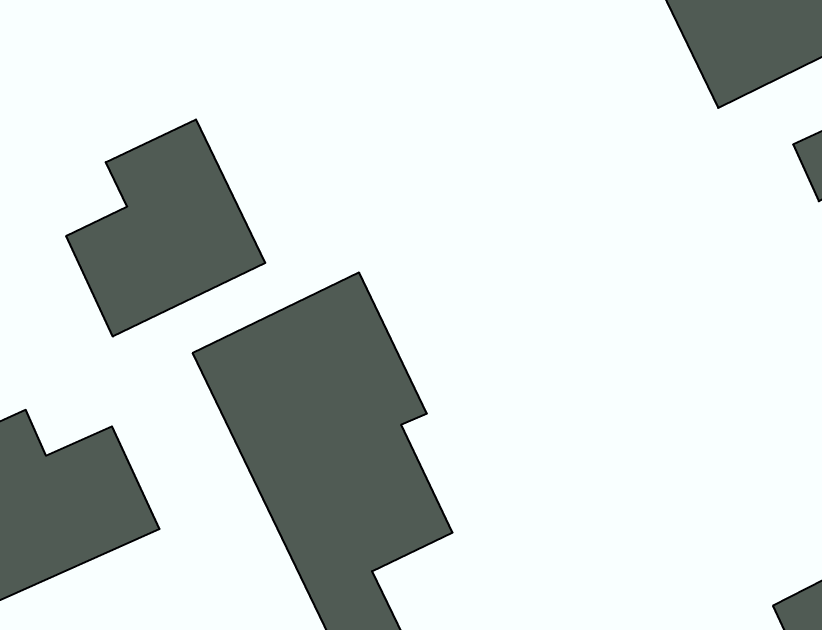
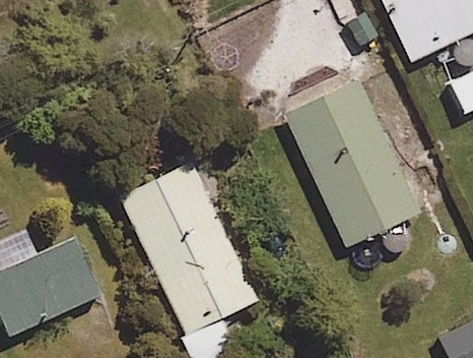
building: [66,119,265,337] -> none
building: none -> [285,79,420,246]

